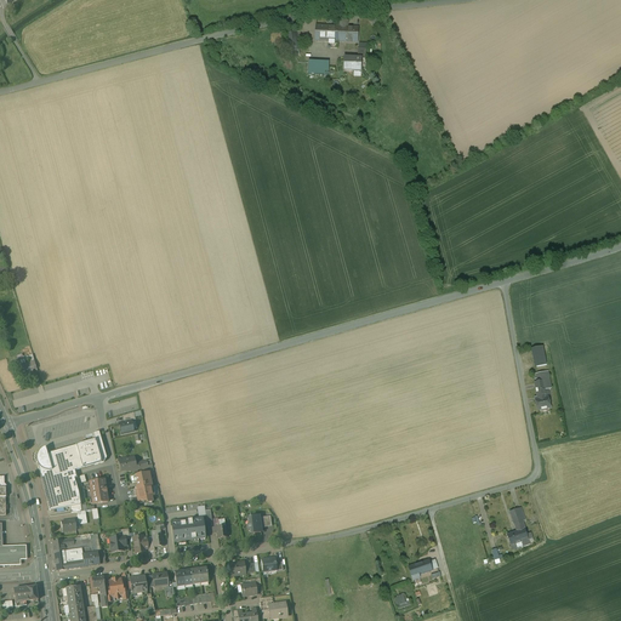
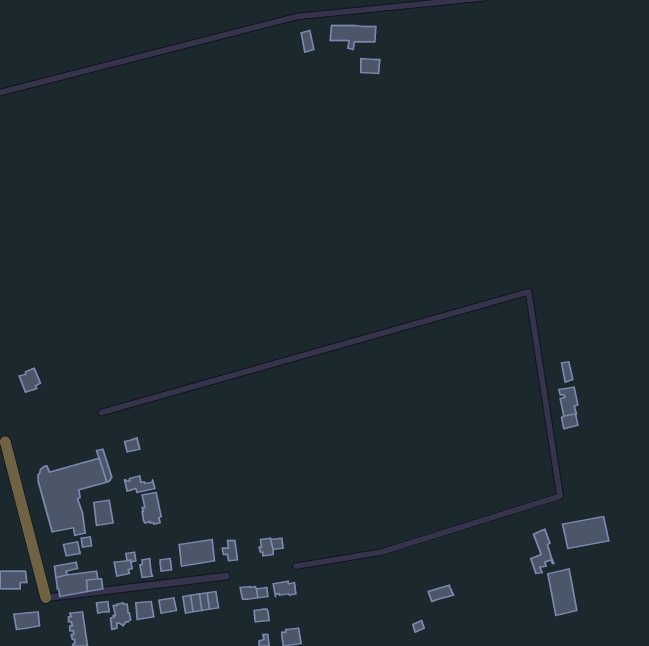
building: none -> [562,517,609,549]
building: none -> [548,569,577,615]

